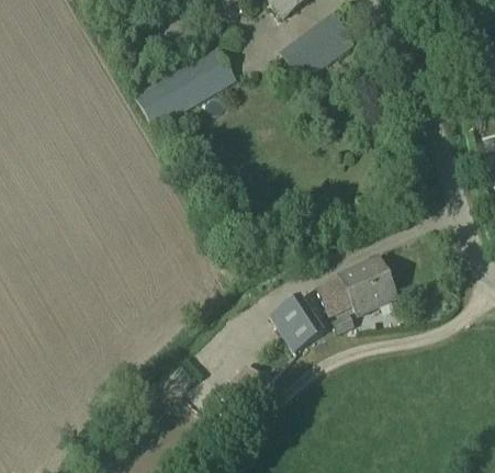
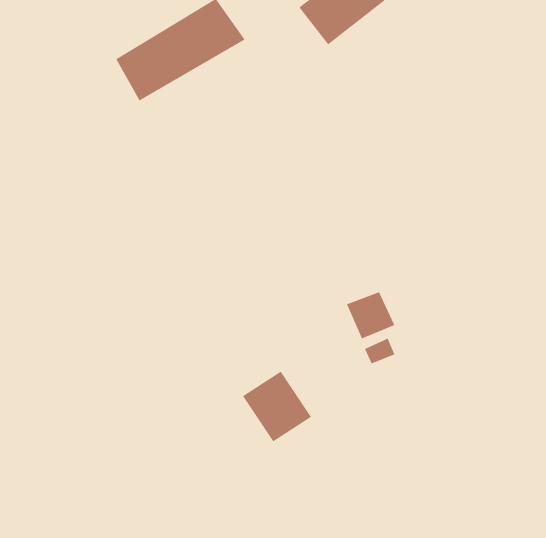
building: [342,259,396,314] -> none
building: [269,295,324,351] -> [242,371,312,442]

